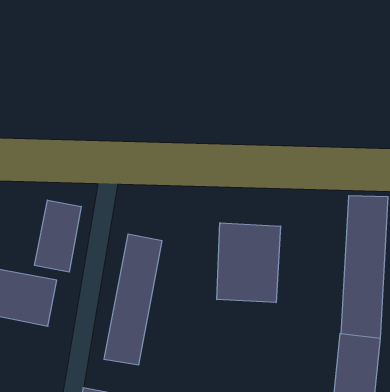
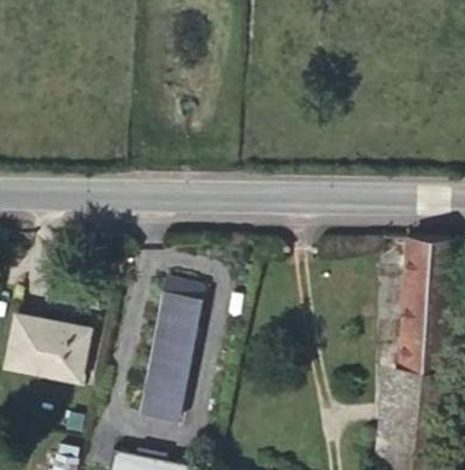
building: [35,200,81,272] -> none
building: [217,223,281,303] -> none

